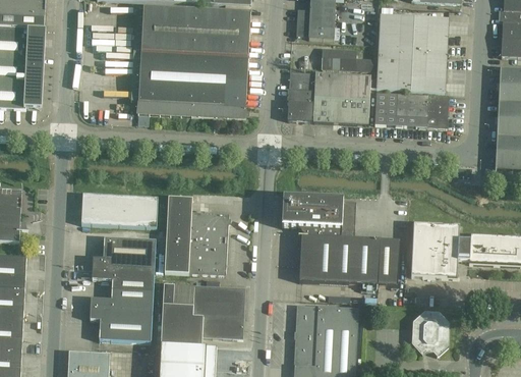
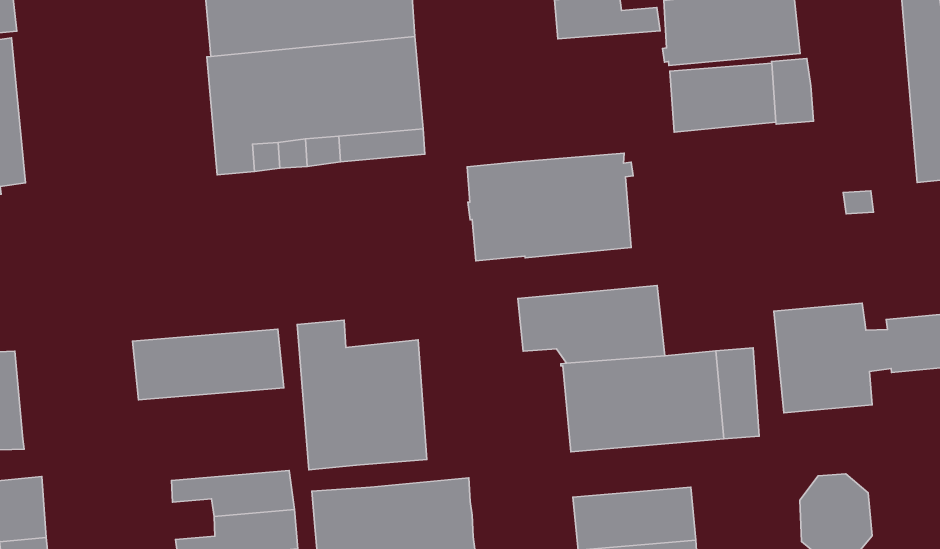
building: [288,70,374,123] -> [467,153,633,261]
building: [93,236,156,270] -> none

